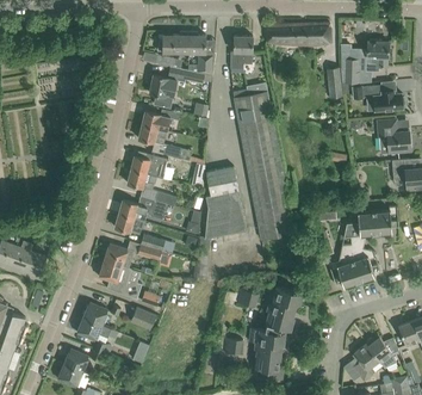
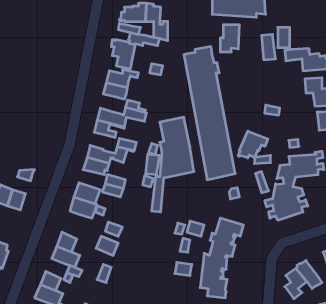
building: [229,36,252,68] -> [220,25,239,52]
building: [365,42,387,70] -> none
building: none -> [238,131,268,158]

